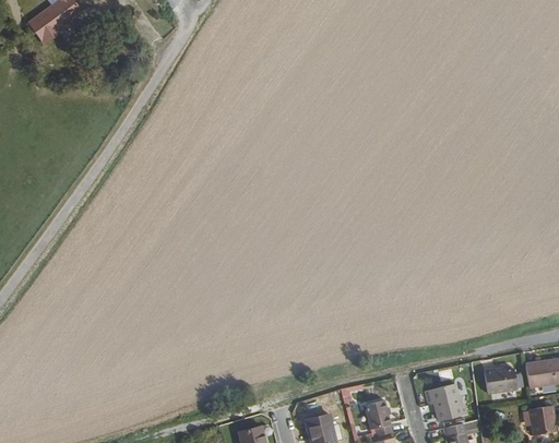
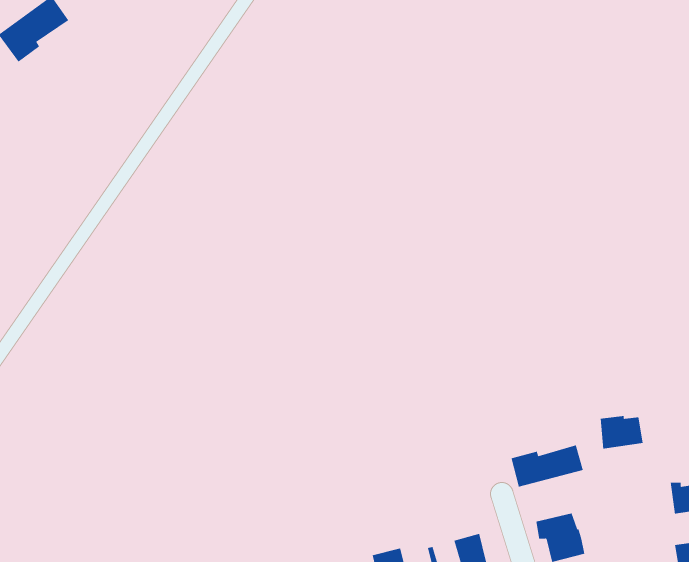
building: none -> [511,444,583,487]
building: [480,367,513,392] -> [600,416,644,449]

